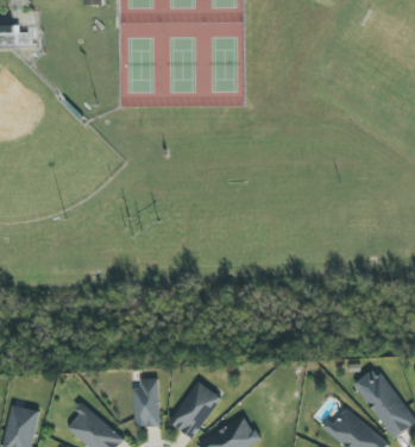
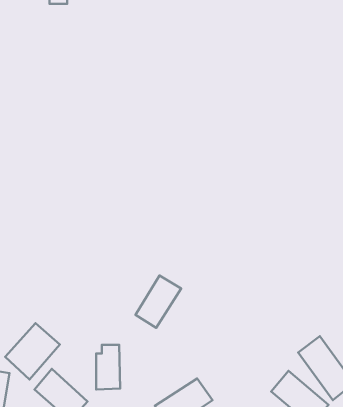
building: none -> [5,323,60,379]
building: [170,380,220,437] -> [135,276,181,328]

